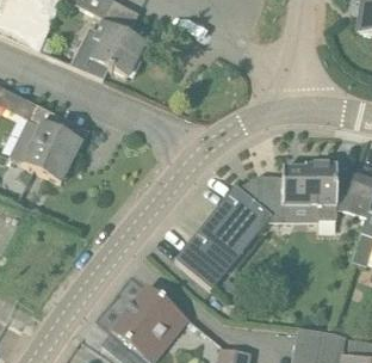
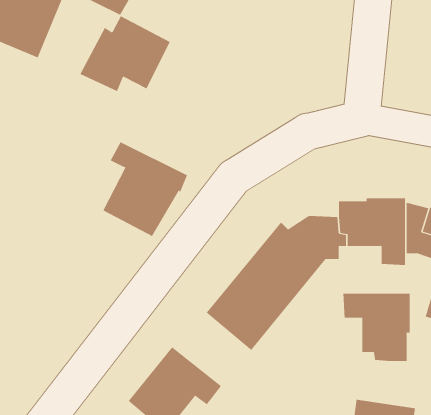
building: [20,103,89,180] -> [103,141,188,237]
building: none -> [343,293,410,362]

